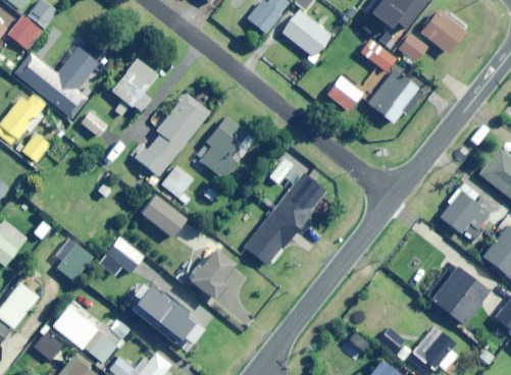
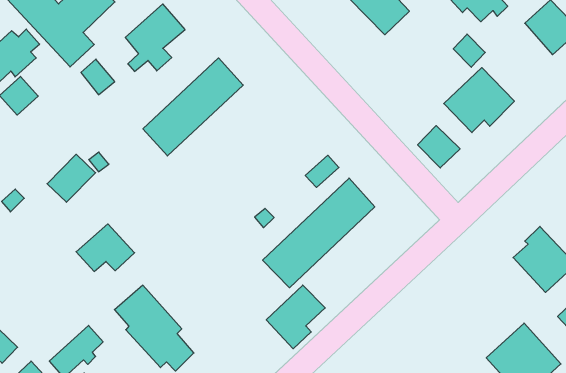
building: [399,33,427,64] -> none
building: [328,77,362,110] -> [418,126,460,168]
building: [201,116,254,177] -> none
building: [161,165,193,203] -> none
building: [143,196,186,235] -> none
building: [56,243,93,281] -> [47,154,96,202]
building: [190,249,235,300] -> [266,285,325,349]
building: [53,306,98,349] -> none

